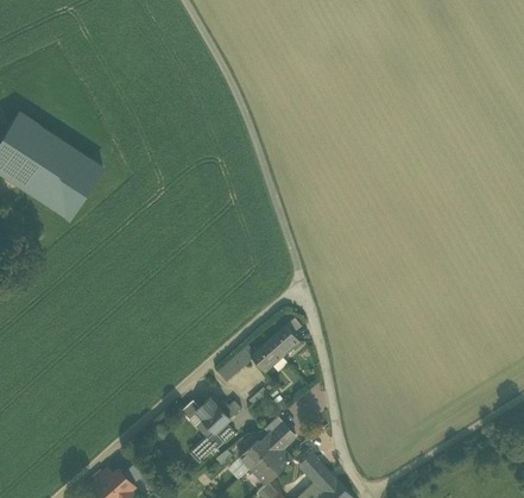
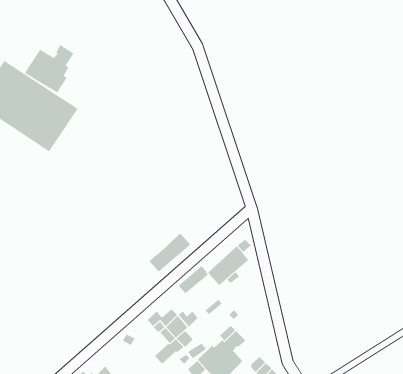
building: none -> [25,44,74,94]
building: none -> [149,233,191,273]

